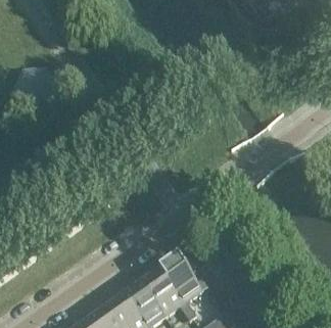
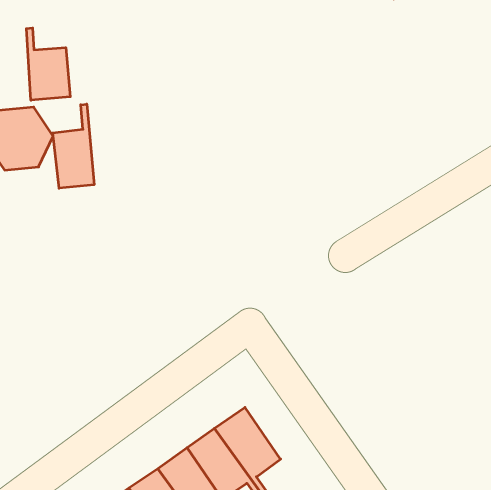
building: none -> [26,28,70,100]
building: none -> [53,104,94,188]

